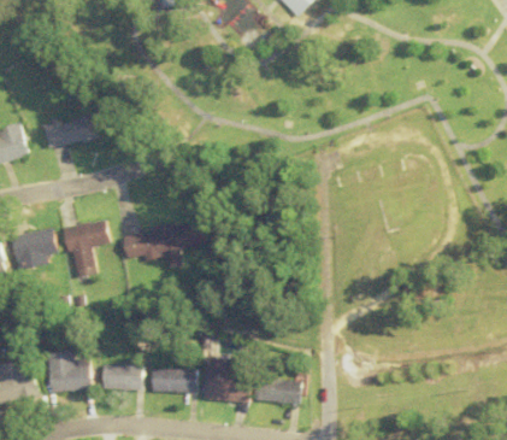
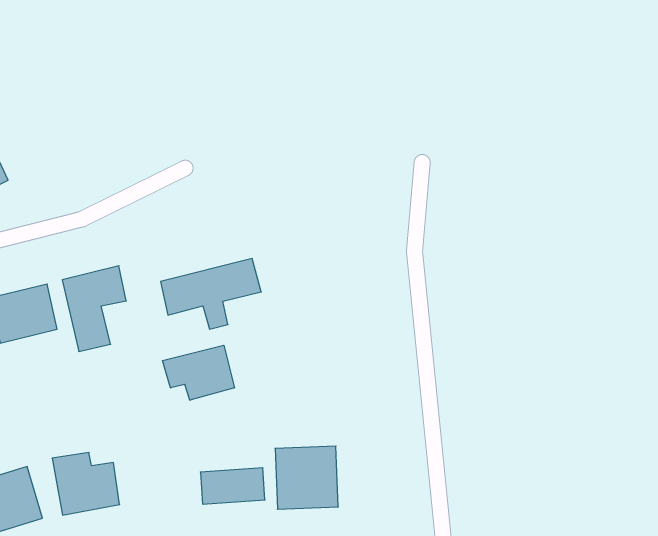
building: [41,113,96,151] -> none
building: none -> [163,345,234,400]
building: [101,364,142,391] -> none
building: [257,381,299,403] -> none

